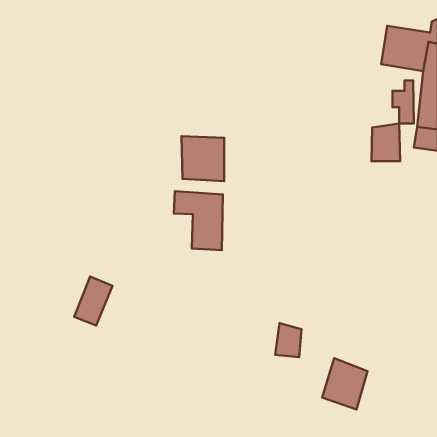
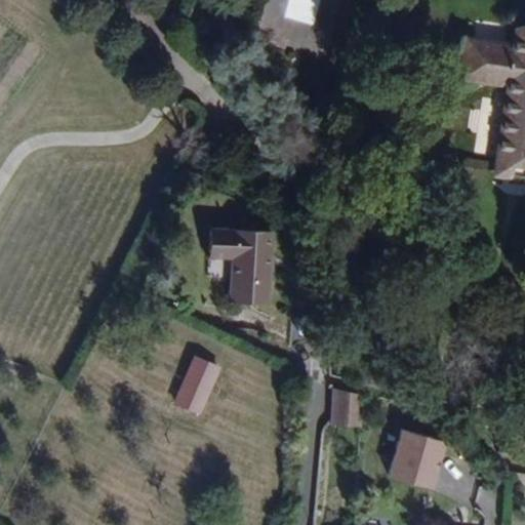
building: [372,123,400,161] -> none
building: [181,136,224,181] -> none
building: [74,277,113,325] -> [178,354,225,412]

